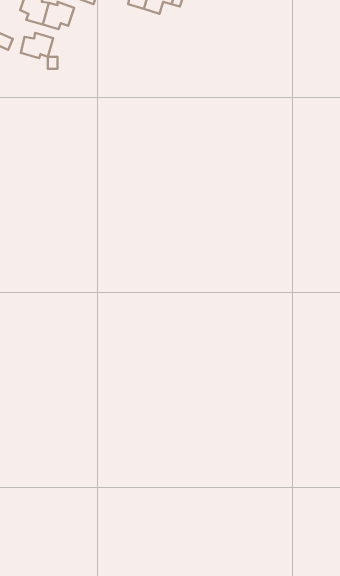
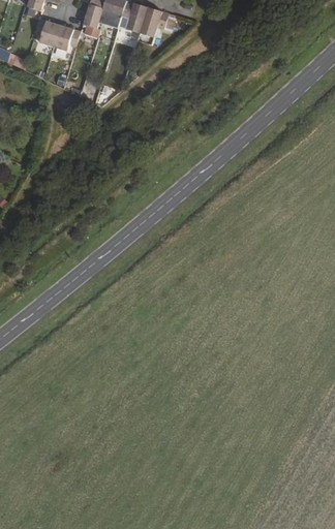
building: [21,33,53,58] -> none

